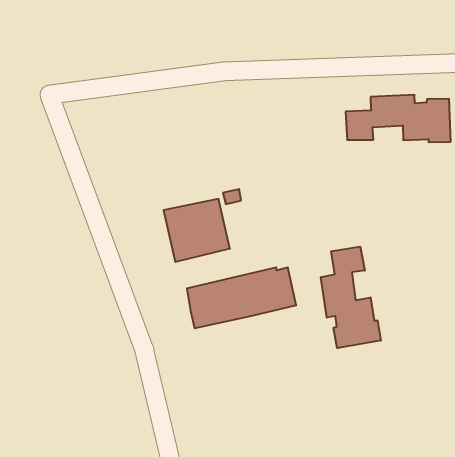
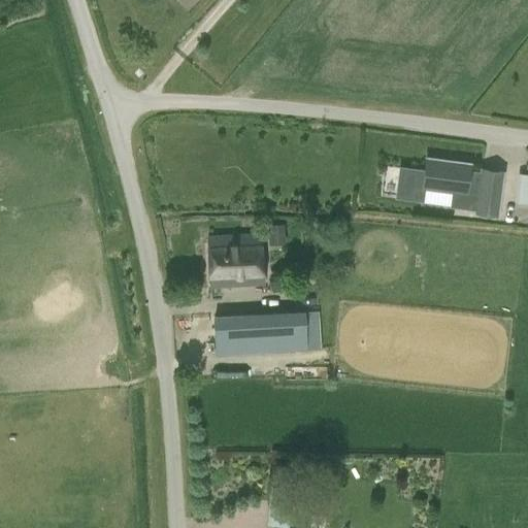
building: [321,247,381,348] -> none

